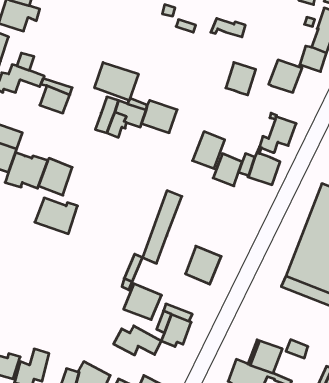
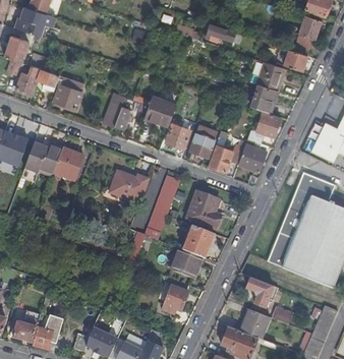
building: [95,62,138,100] -> none
building: [226,62,256,95] -> [251,84,278,113]
building: none -> [166,124,190,149]
building: [35,198,78,234] -> [110,172,148,203]
building: none -> [188,192,222,228]
building: [124,284,162,320] -> [169,248,203,280]
building: none -> [246,277,274,306]
building: [114,326,161,355] -> none

